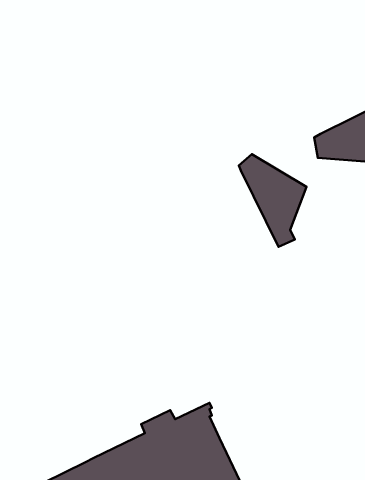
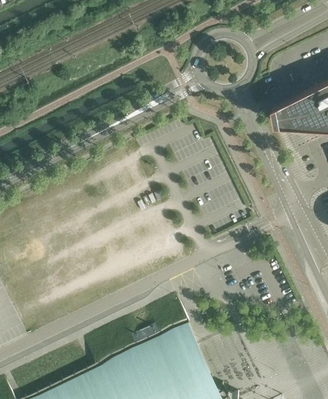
building: [239,154,306,247] -> none

